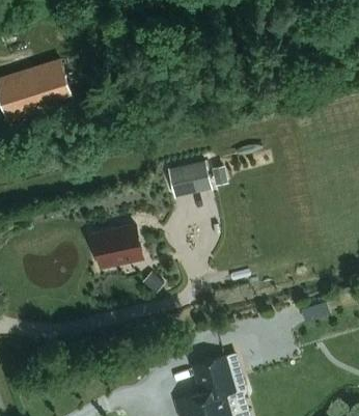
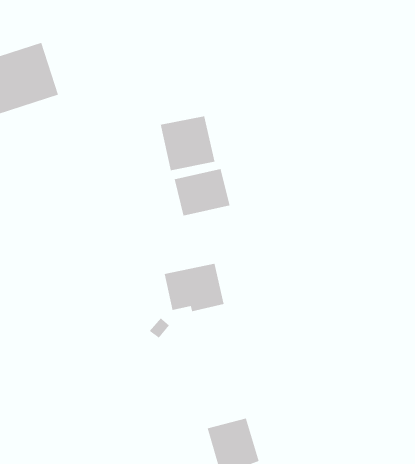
building: none -> [160,115,215,171]
building: [94,224,142,262] -> [164,263,225,312]

